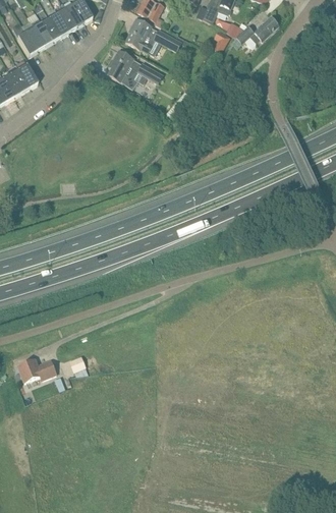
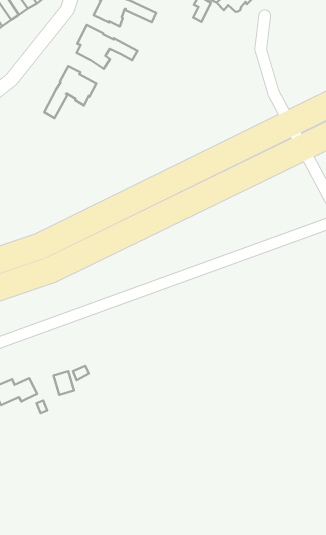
building: none -> [44,66,97,118]

